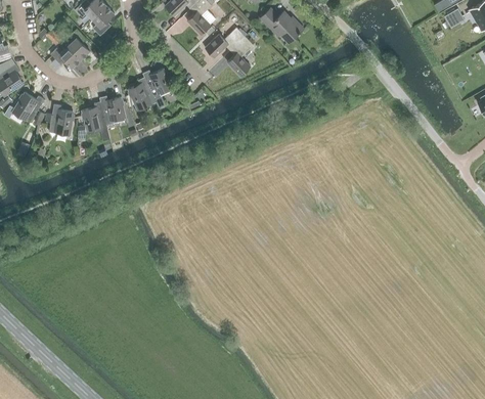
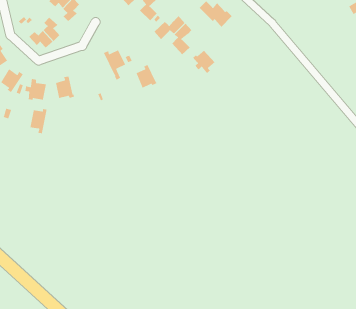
building: none -> [192,50,216,74]
building: [129,77,157,107] -> [135,64,158,89]
building: [99,95,124,124] -> none
building: none -> [30,108,47,134]

